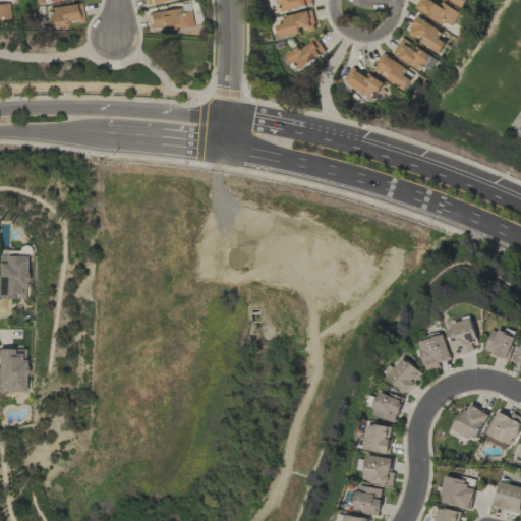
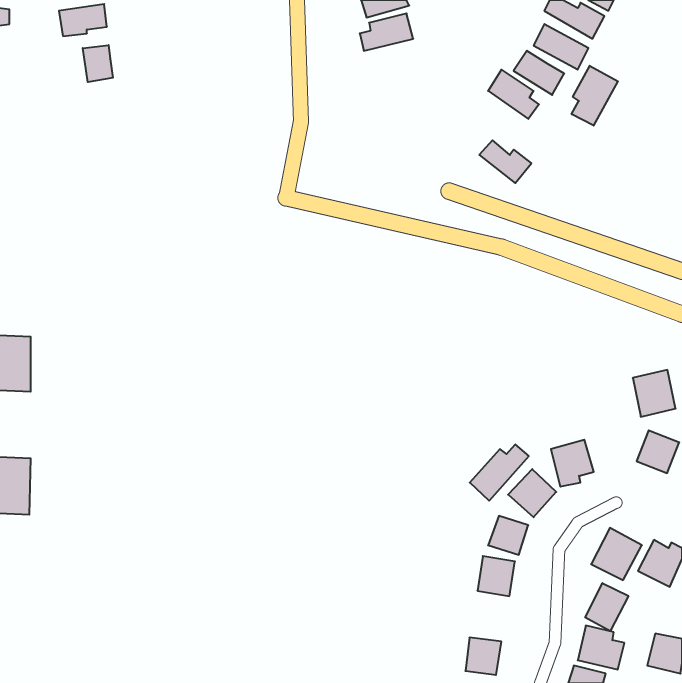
building: [147,7,191,30] -> none
building: none -> [83,45,113,82]
building: [285,38,324,69] -> none
building: none -> [572,66,618,126]
building: [342,67,382,100] -> [479,140,531,183]
building: [448,320,480,355] -> [633,370,676,417]
building: none -> [470,444,529,501]
building: none -> [585,583,628,631]
building: [363,455,394,485] -> none

